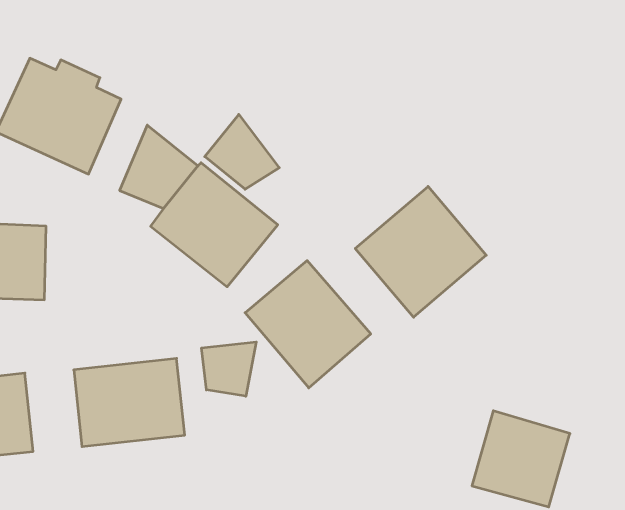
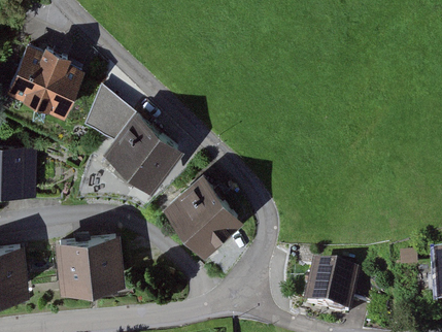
building: [205,114,279,189] -> none
building: [355,186,486,317] -> none
building: [202,342,256,396] -> none

